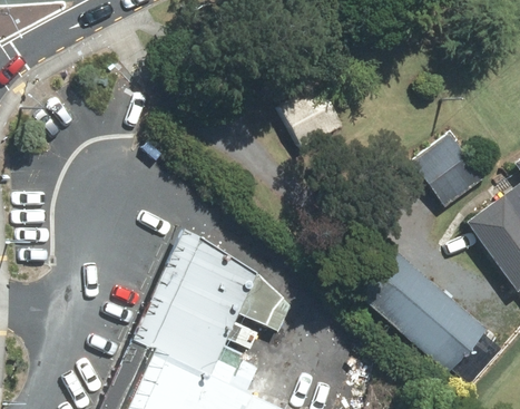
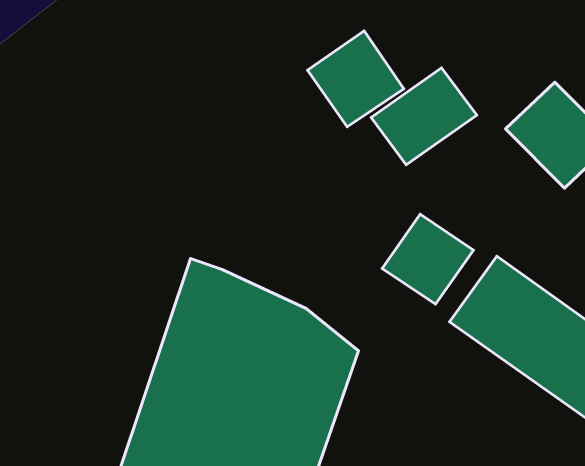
building: none -> [371,68,477,165]
building: none -> [382,214,474,304]

